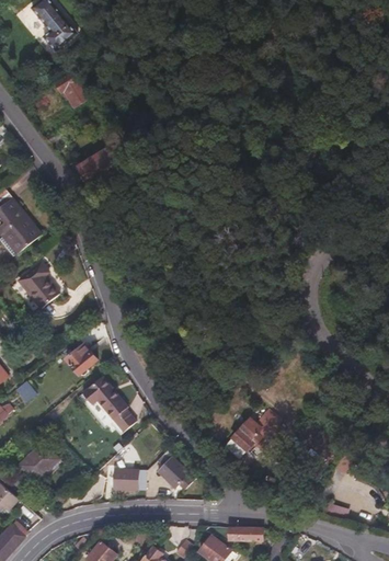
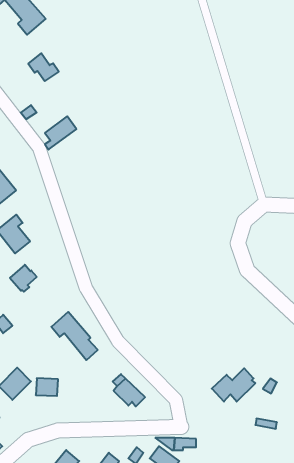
building: [65,345,96,377] -> [10,265,37,292]
building: [234,411,286,450] -> [212,368,255,402]
building: [111,468,137,489] -> [36,378,58,396]

